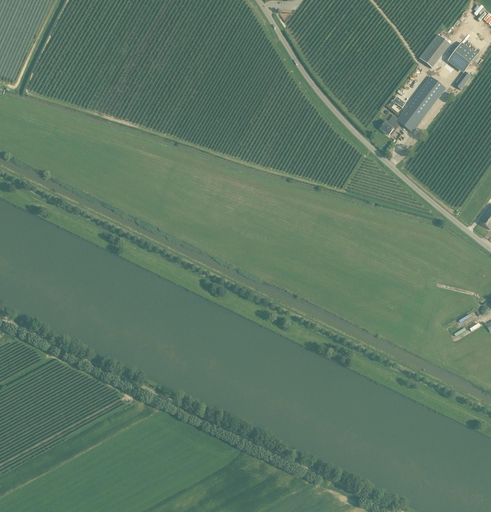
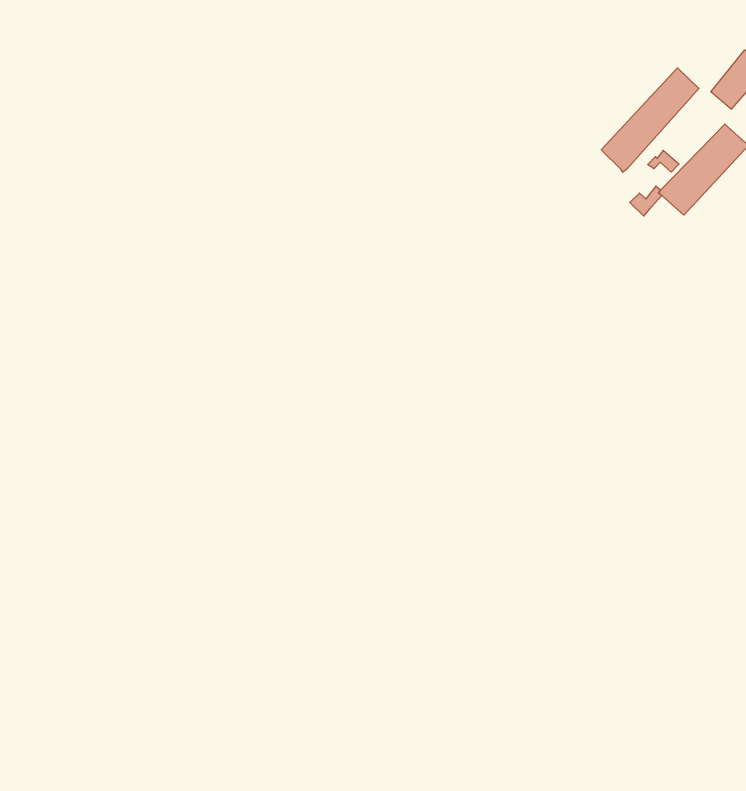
building: none -> [601,68,699,172]

